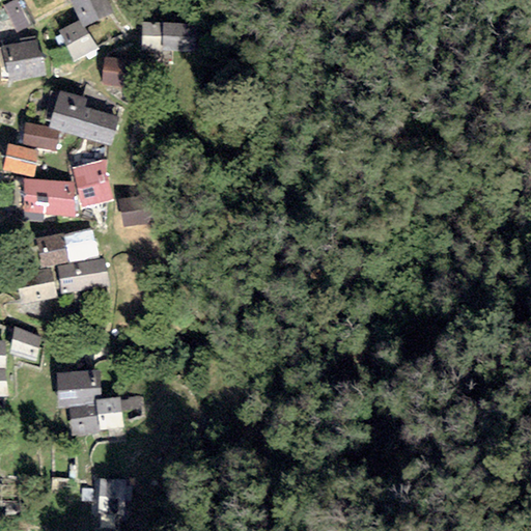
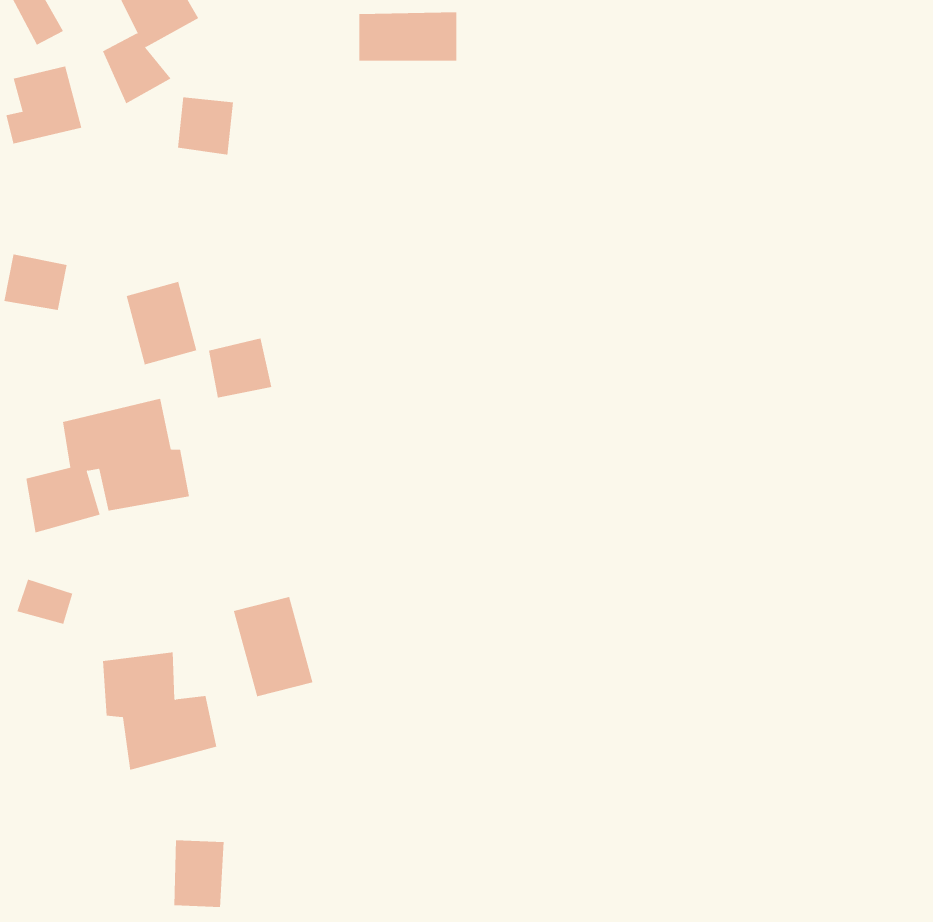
building: [141,21,197,49] -> [358,12,457,61]
building: [22,92,117,147] -> none
building: [22,179,74,214] -> none
building: none -> [233,596,313,697]

